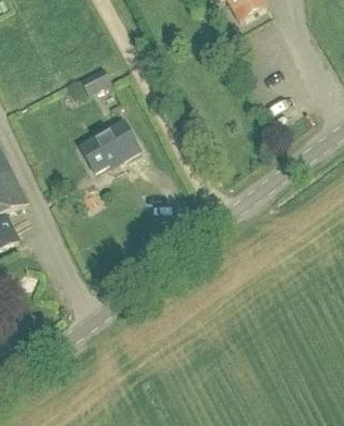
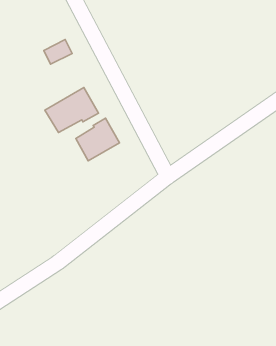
building: none -> [76,118,120,161]

